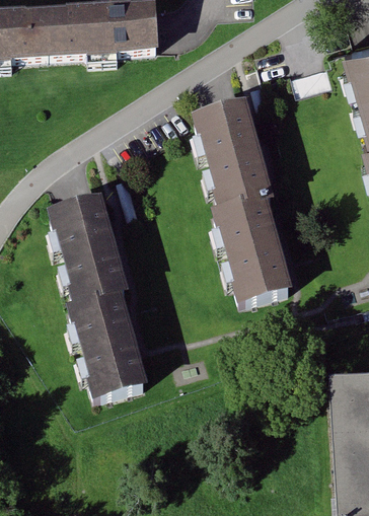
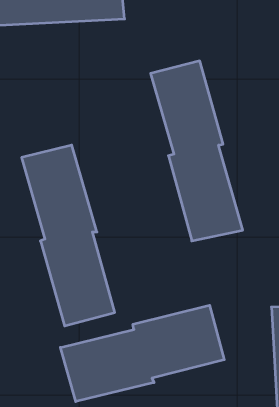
building: none -> [60,305,224,402]

